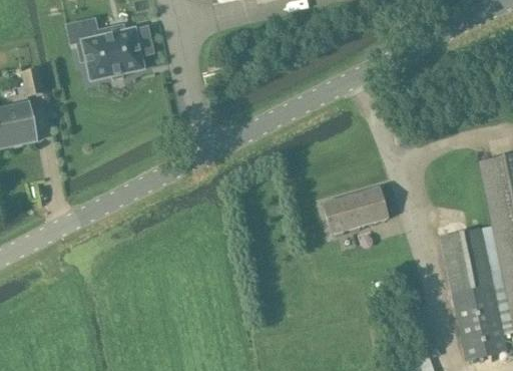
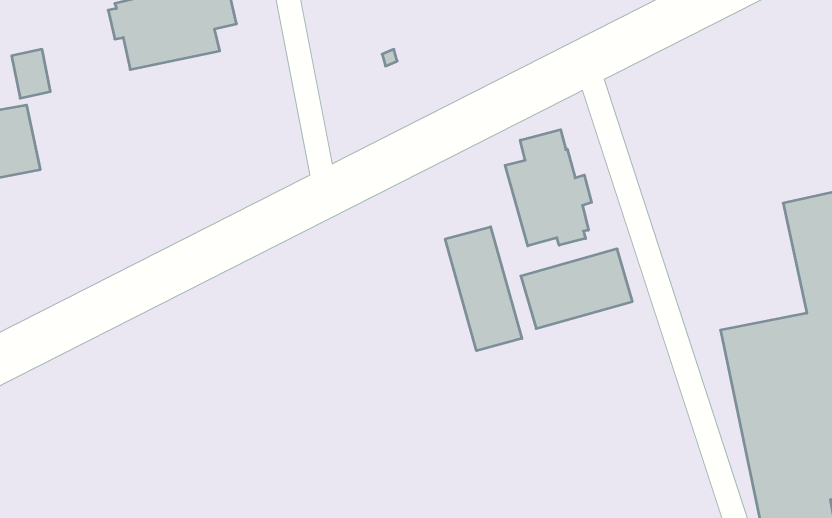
building: none -> [505,130,592,246]
building: none -> [445,227,522,351]

